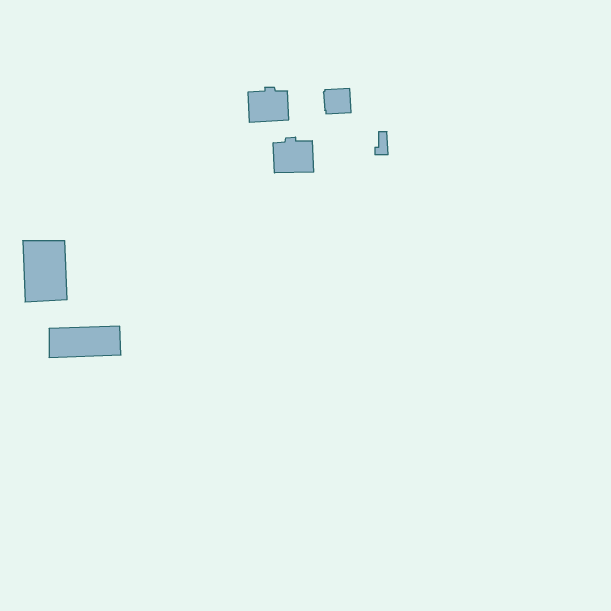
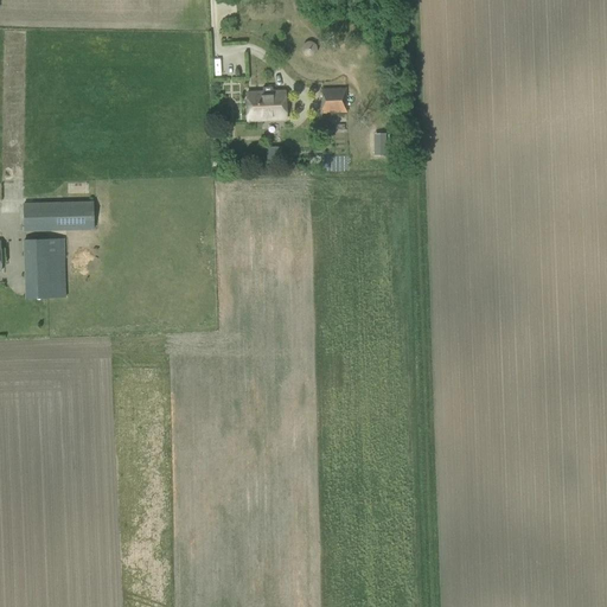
building: [273,137,314,173] -> none
building: [49,326,121,357] -> [24,200,95,231]

